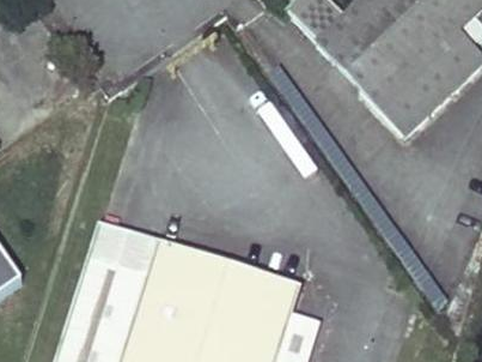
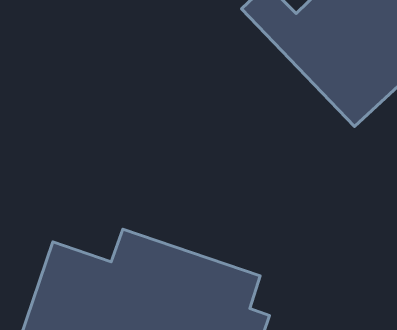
building: [92,218,164,272] -> none

